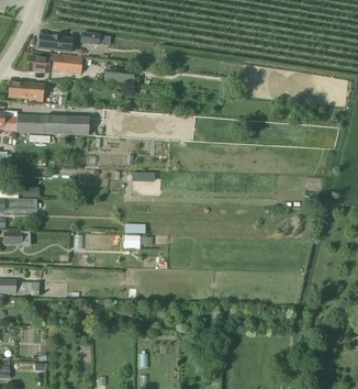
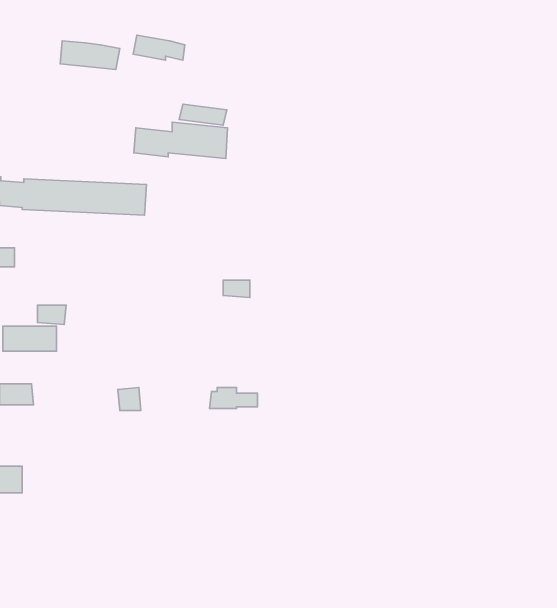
building: [29,53,82,74] -> [134,122,228,159]
building: [9,82,44,101] -> none

